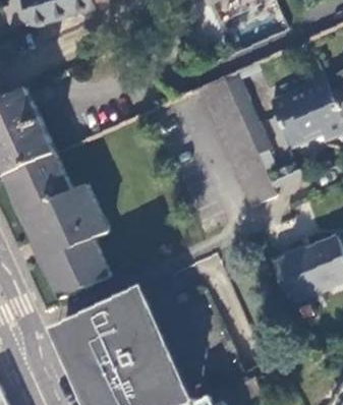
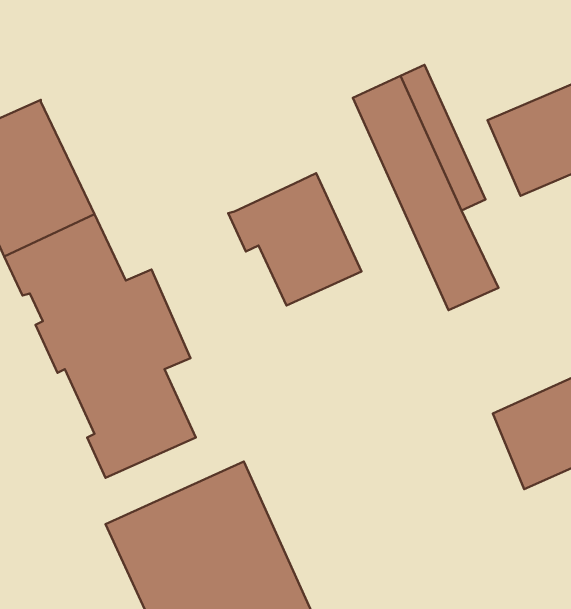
building: none -> [228,173,362,305]

